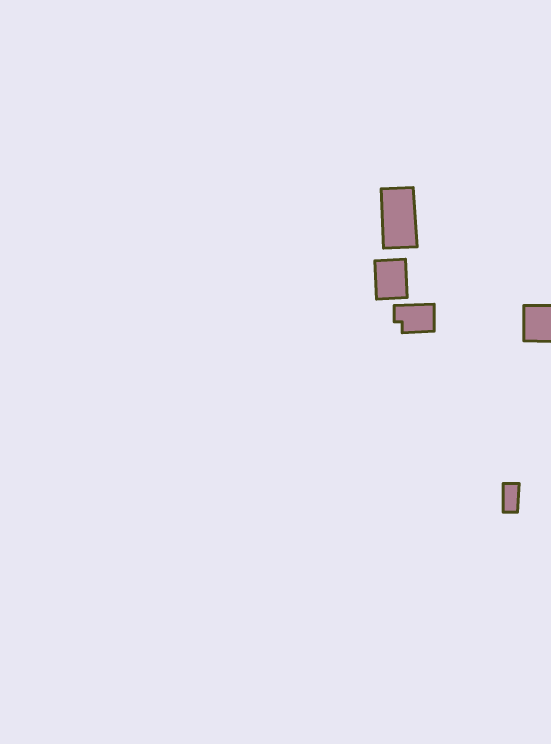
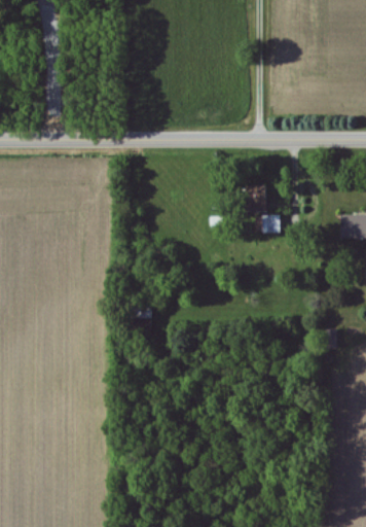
building: [381,187,417,248] -> none

